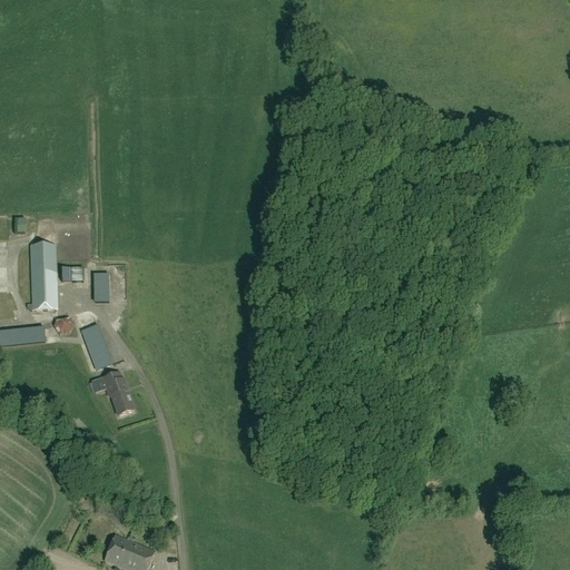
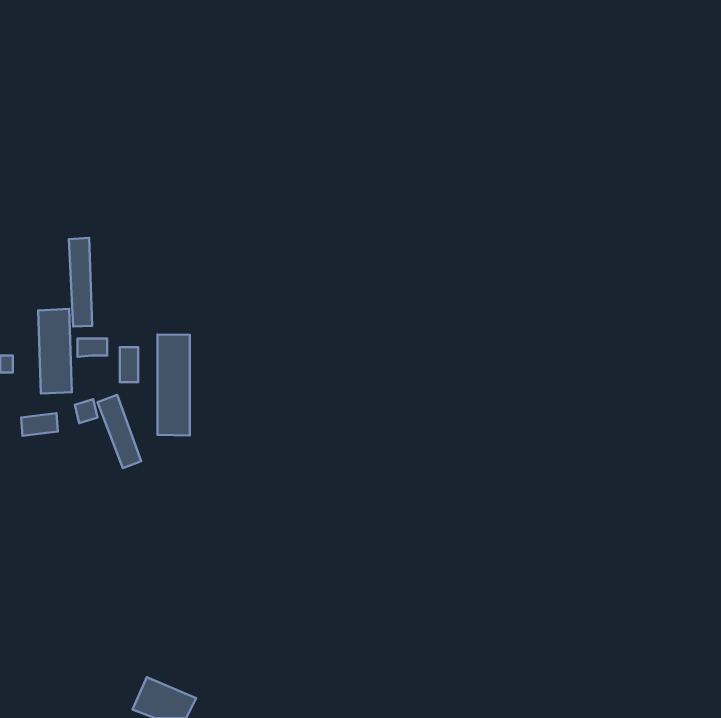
building: none -> [69,238,92,327]
building: none -> [157,334,190,435]
building: [102,372,135,415] -> none

